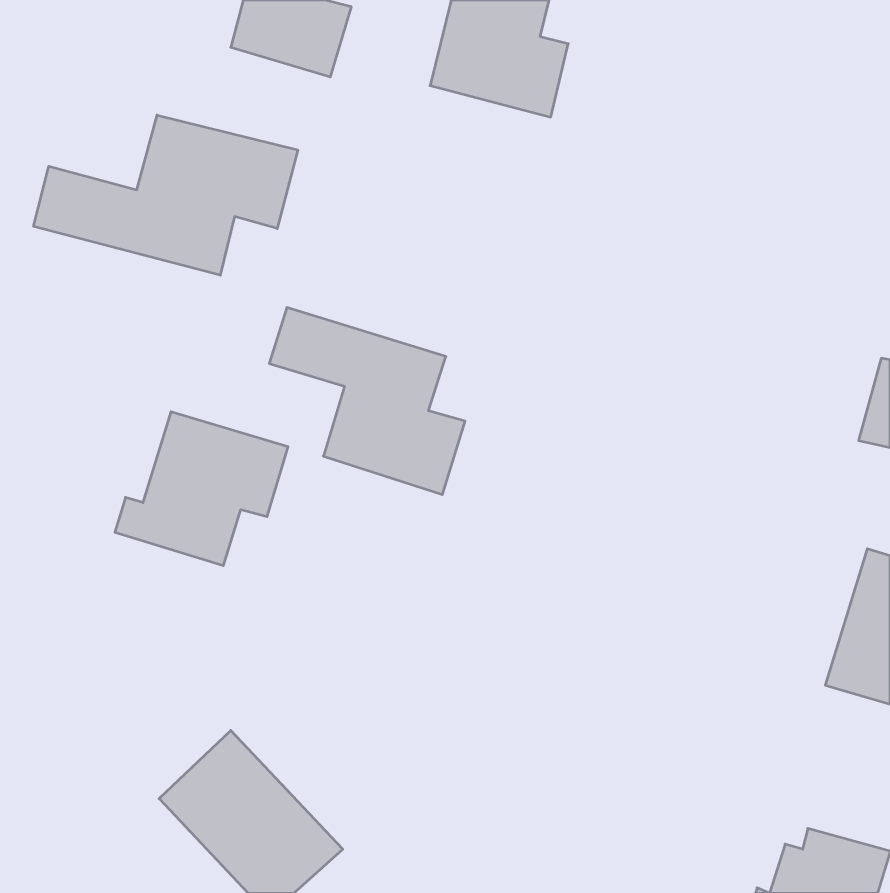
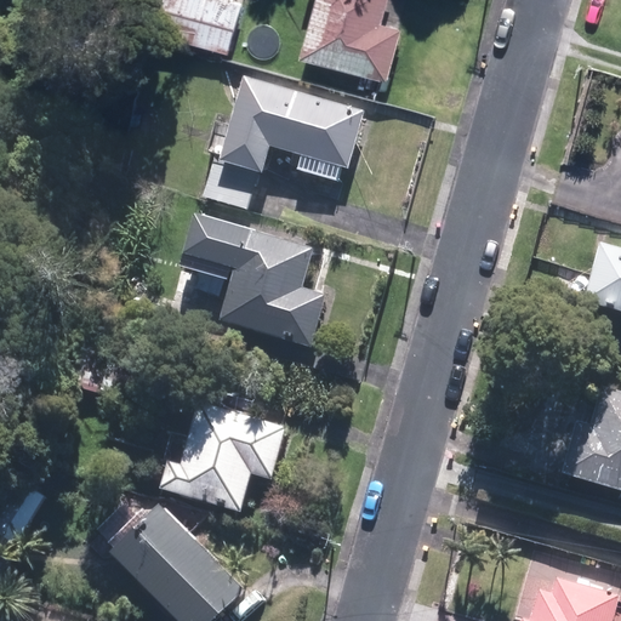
building: none -> [205,75,368,207]
building: [34,115,298,275] -> none
building: [115,412,288,566] -> [169,398,289,505]

